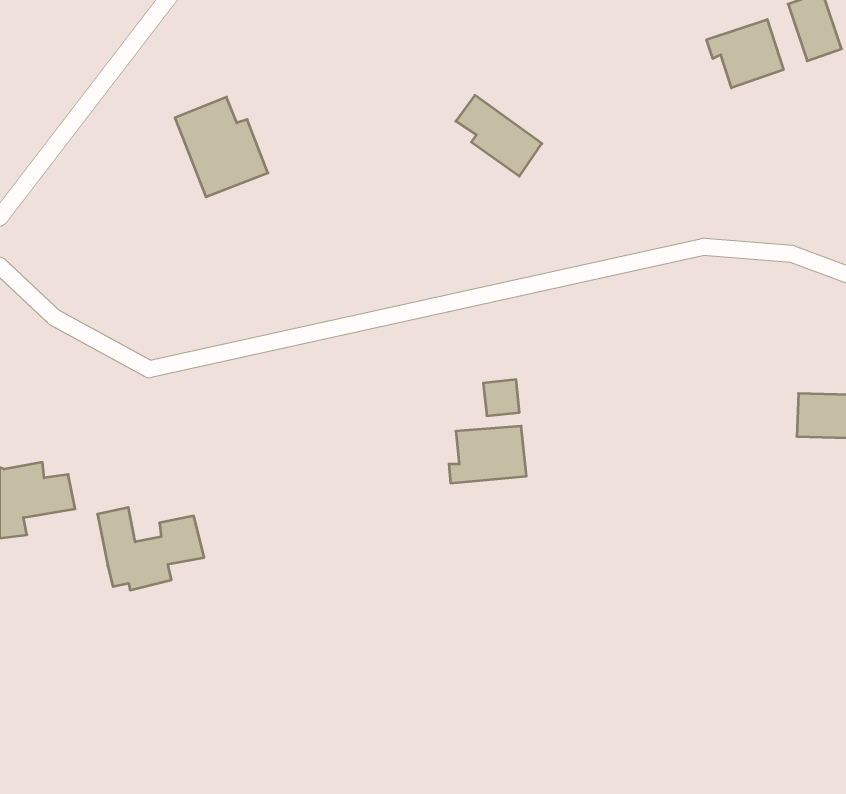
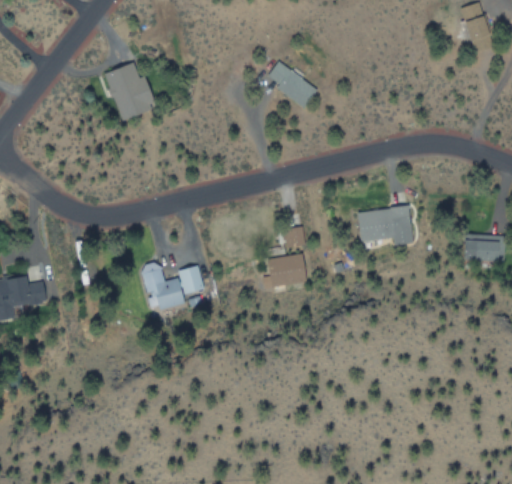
building: [707,19,783,88] -> none
building: none -> [357,206,414,245]
building: [97,507,204,590] -> [141,261,203,309]

